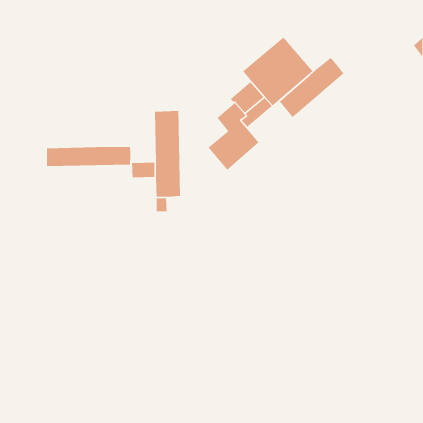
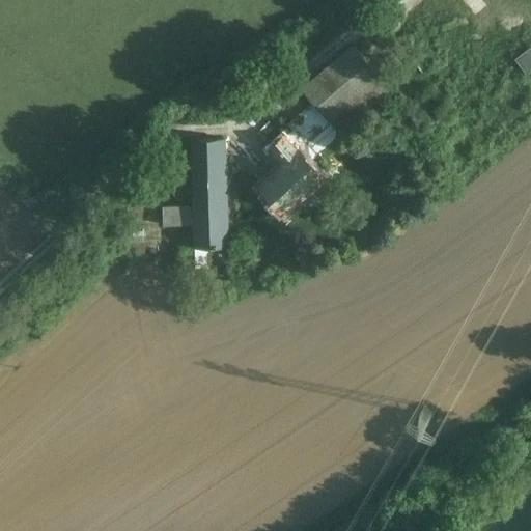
building: [279,57,345,118] -> none
building: [46,146,131,167] -> none

